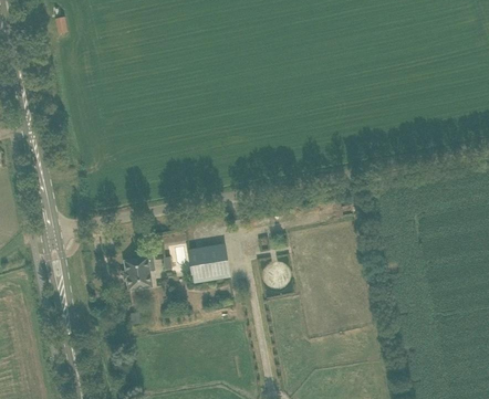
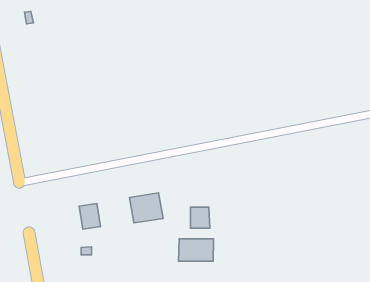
building: none -> [179,239,214,261]

